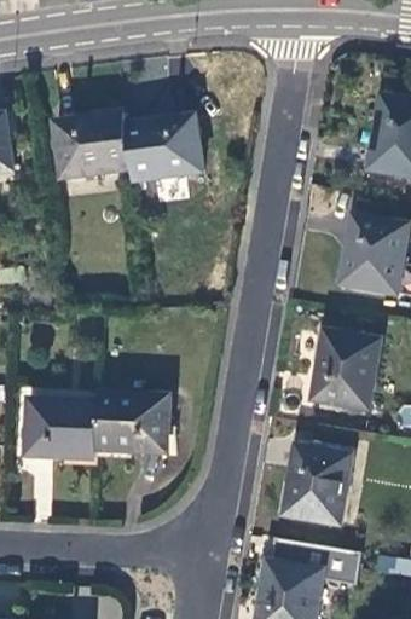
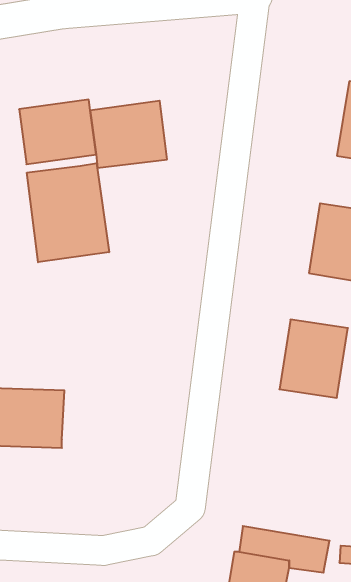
building: none -> [27,163,109,262]
building: [97,393,169,451] -> none
building: [284,444,351,523] -> none

